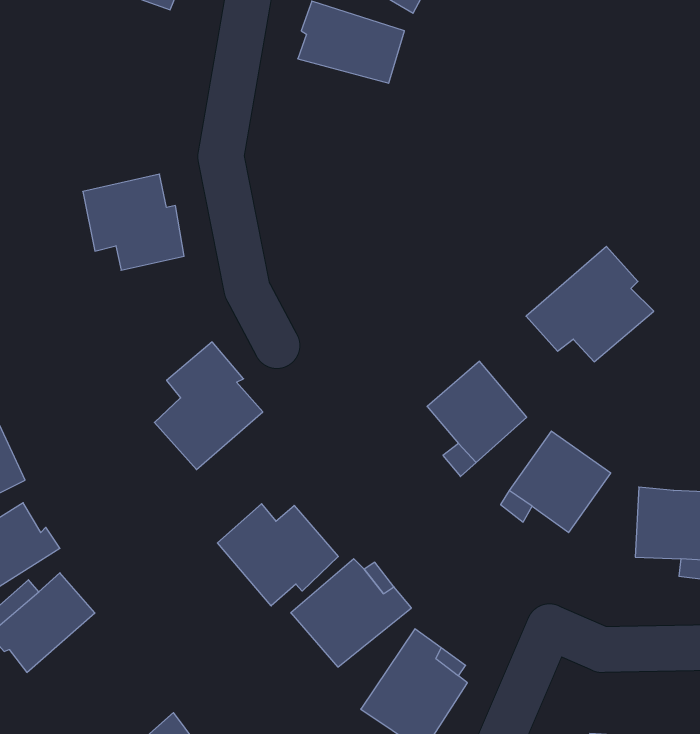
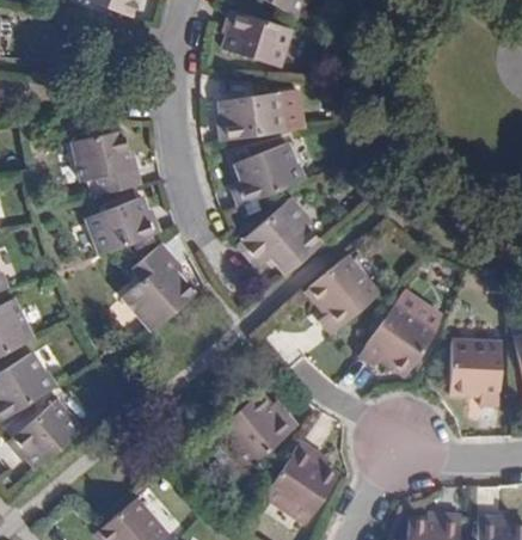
building: none -> [215,90,303,142]
building: none -> [231,143,308,207]
building: [526,246,654,362] -> [237,197,324,276]
building: none -> [85,196,164,256]
building: [217,504,338,606] -> none

